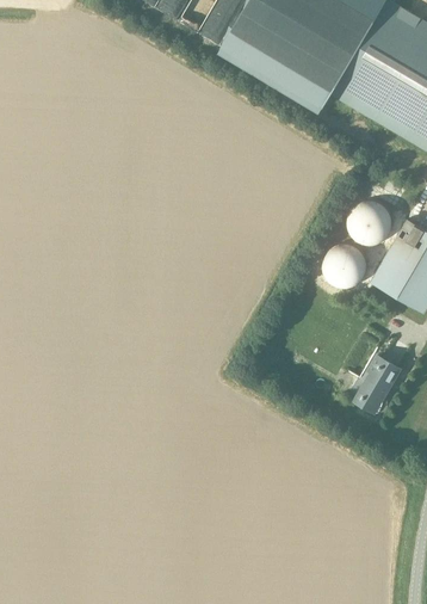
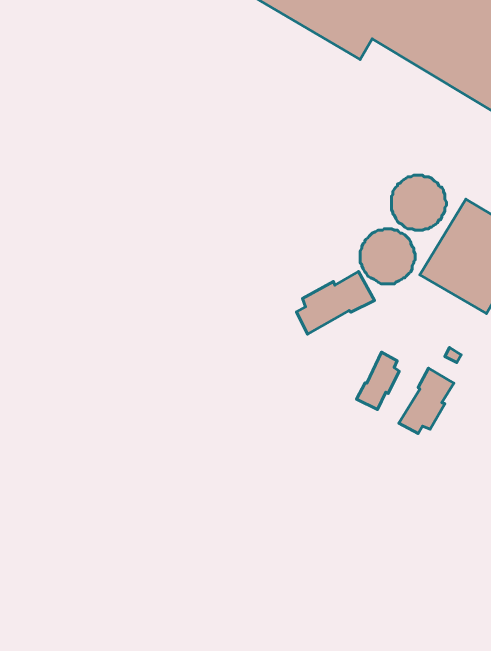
building: none -> [297,272,374,334]
building: none -> [356,352,399,410]

